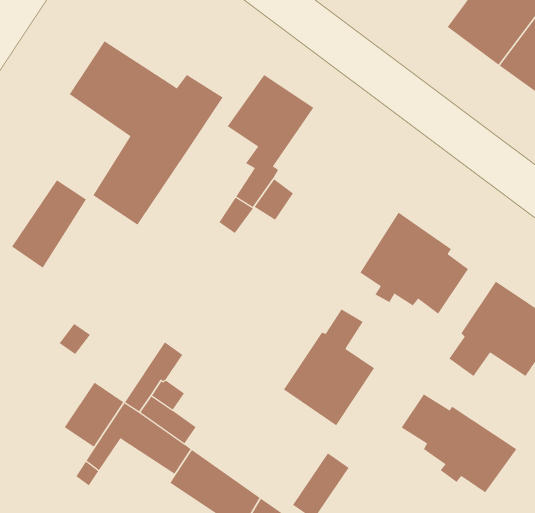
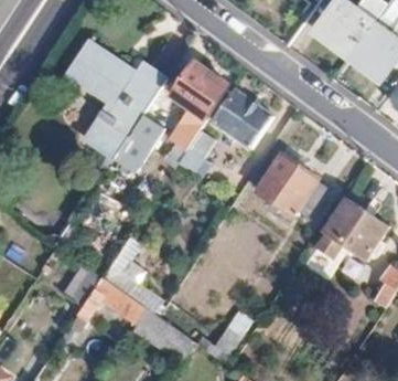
building: none -> [212,89,270,147]
building: [11,179,87,269] -> [112,113,162,171]
building: [283,308,375,426] -> none
building: [401,393,517,493] -> none

